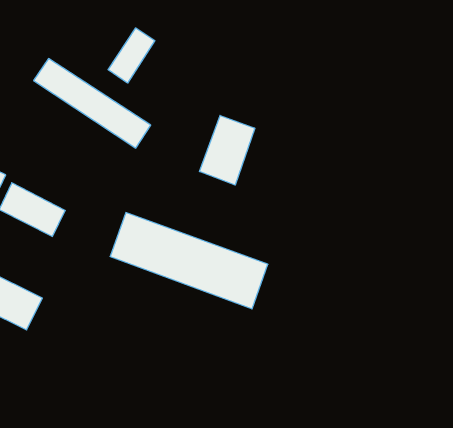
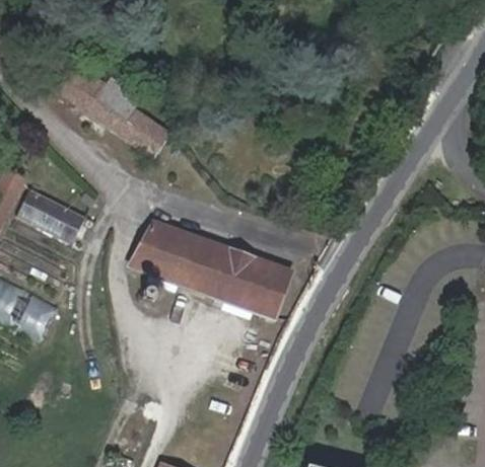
building: [108,28,155,83] -> none
building: [200,115,255,185] -> none

